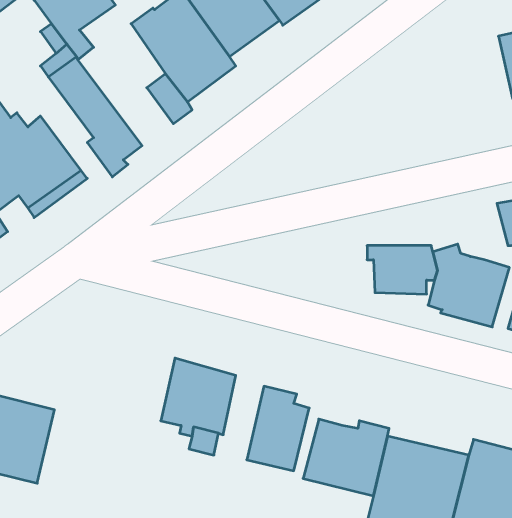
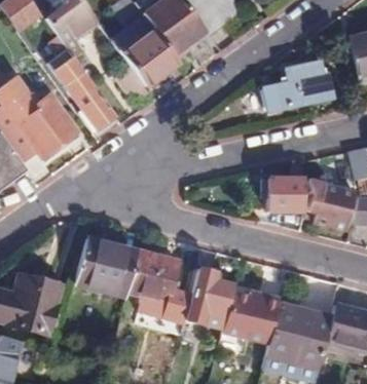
building: none -> [263,68,332,112]
building: none -> [76,238,139,297]

